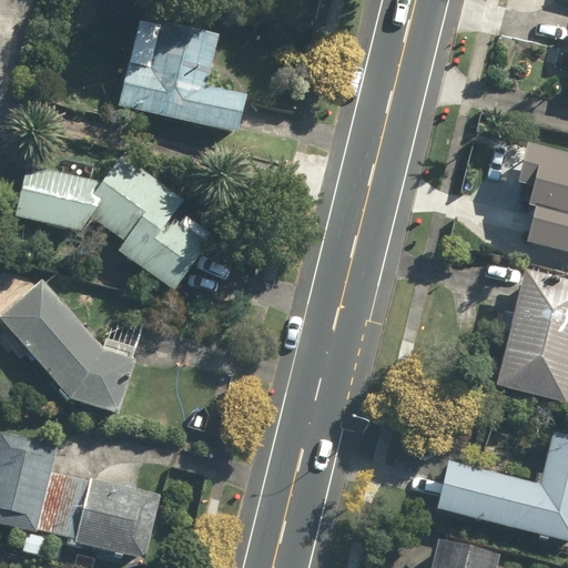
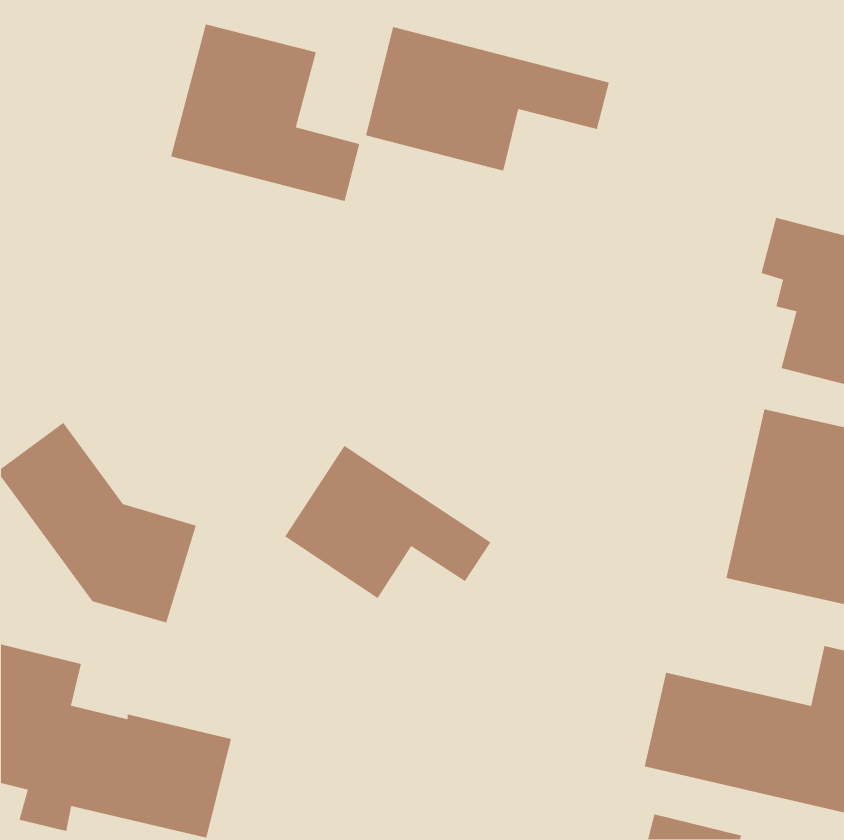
building: none -> [365,26,610,172]
building: [19,155,212,291] -> none
building: none -> [284,445,492,599]

